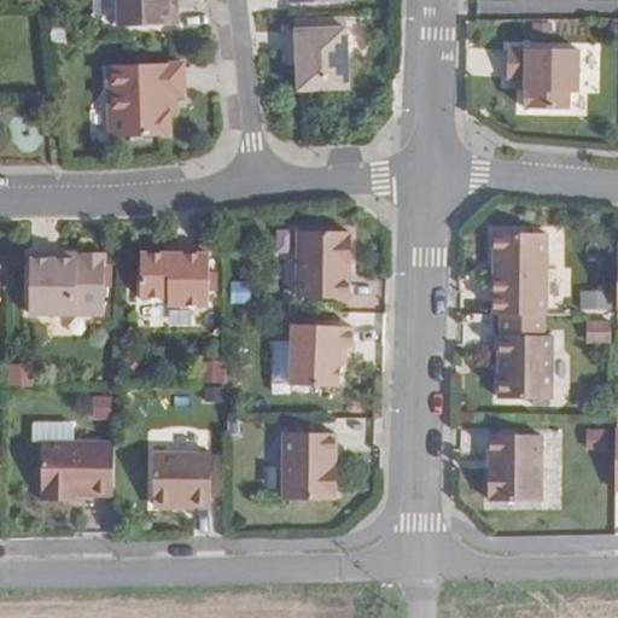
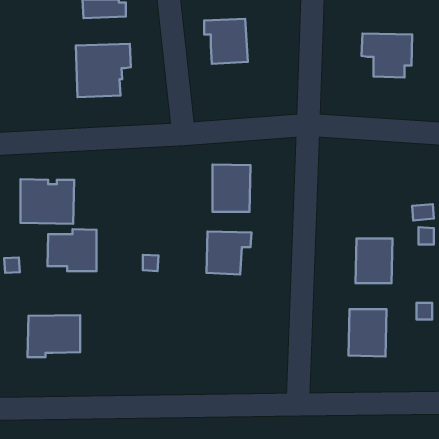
building: [492,235,544,314] -> none
building: [139,245,208,304] -> [47,229,97,271]
building: [280,431,332,499] -> none
building: [151,453,210,505] -> none

